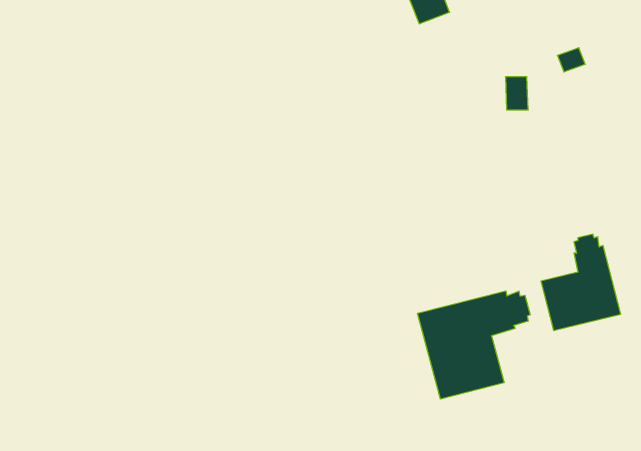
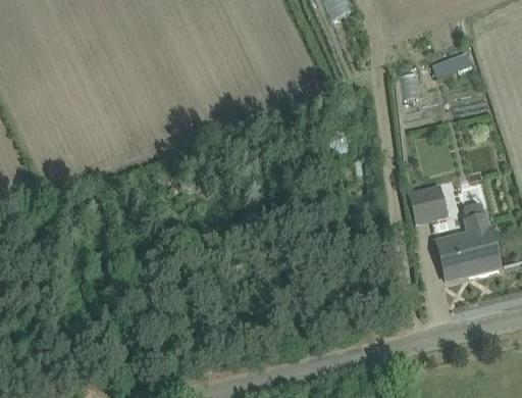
building: none -> [407,184,448,223]
building: [417,291,530,399] -> none

